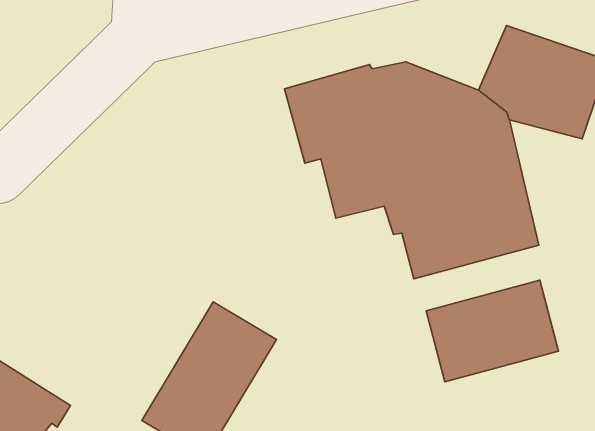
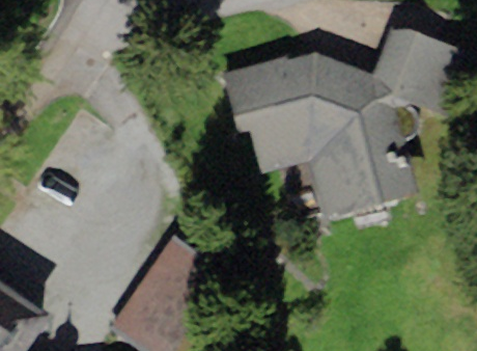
building: [426,280,559,382] -> none

